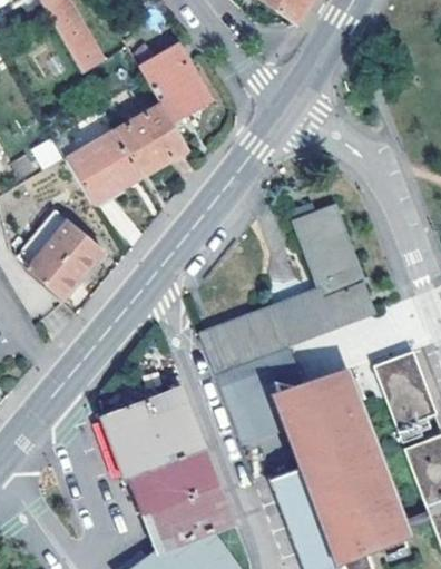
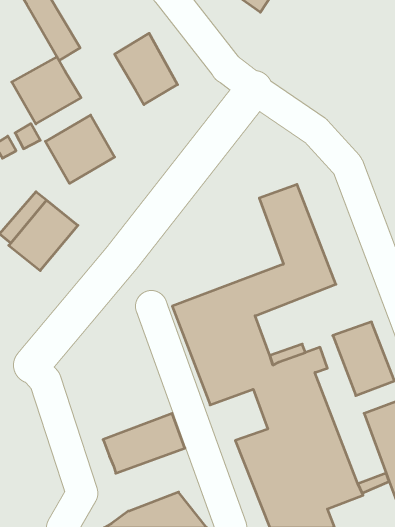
building: [116,104,189,175] -> [12,57,81,124]
building: [102,386,203,477] -> none
building: [143,483,232,550] -> none

